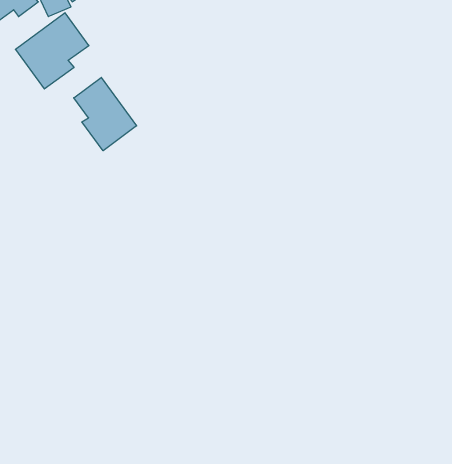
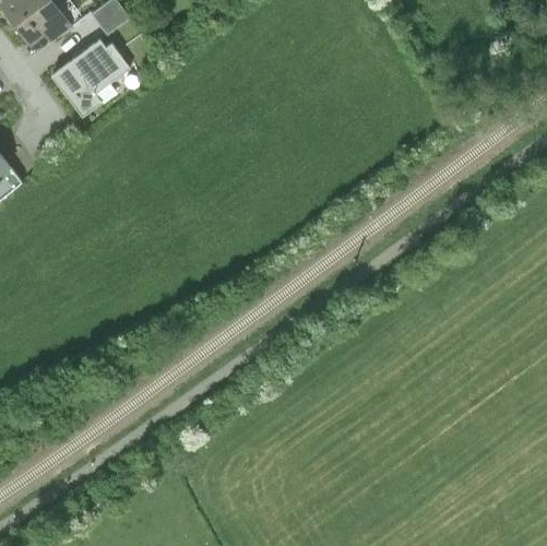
building: [74,77,137,151] -> none

